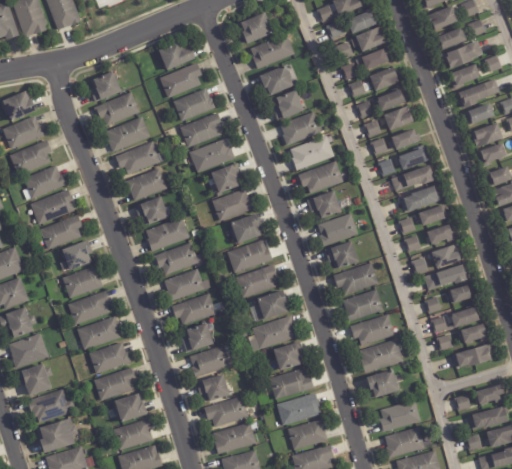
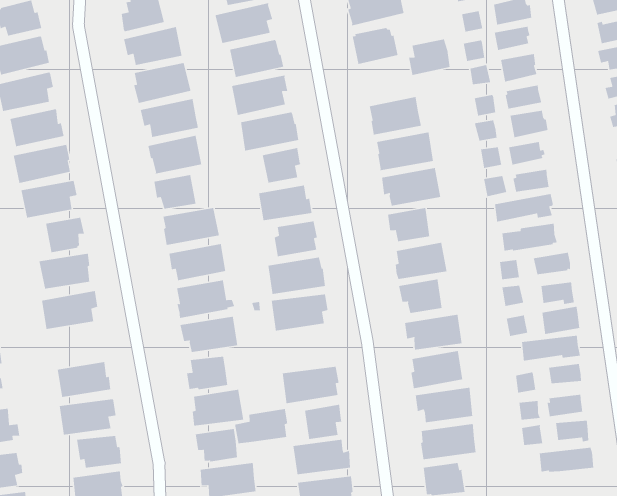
building: [272,89,304,120] -> [408,39,451,76]
building: [249,290,289,322] -> [234,408,288,444]
building: [76,316,120,350] -> none

